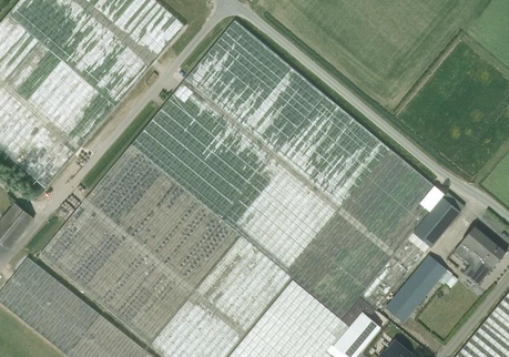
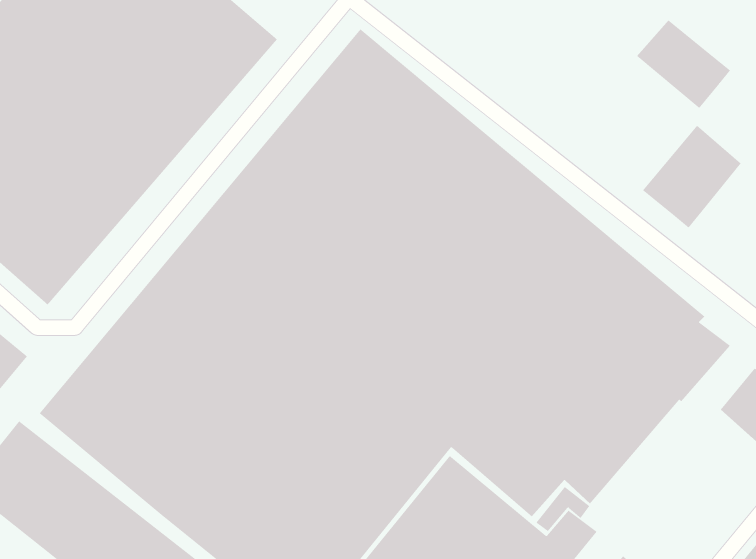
building: none -> [636,20,731,109]
building: none -> [642,125,741,228]
building: [385,254,447,322] -> none

